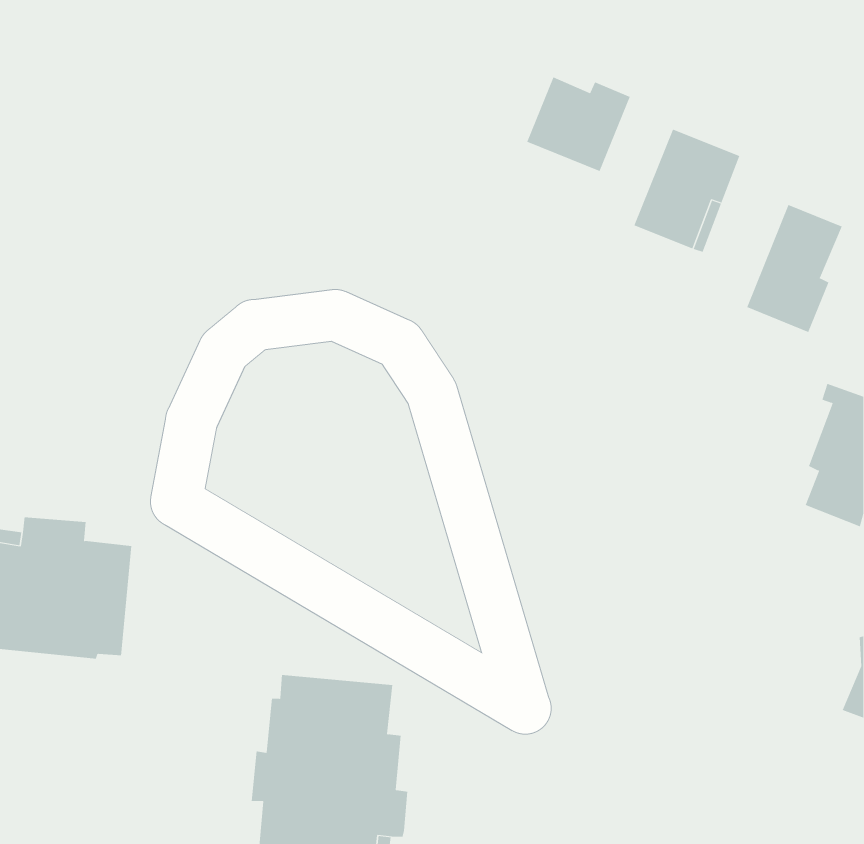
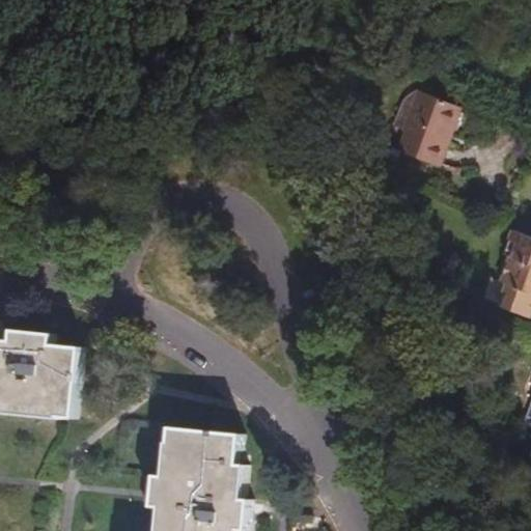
building: [526,76,631,172] -> none
building: [746,204,842,333] -> none

